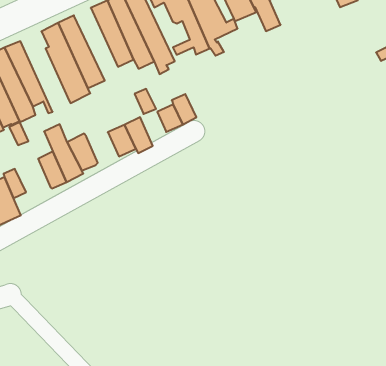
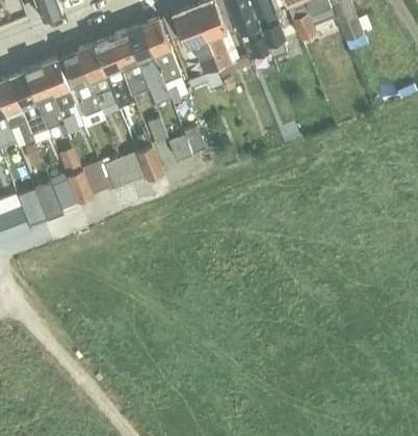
building: none -> [93,37,134,108]
building: none -> [40,58,84,147]
building: none -> [98,158,128,190]
building: none -> [35,183,62,219]

